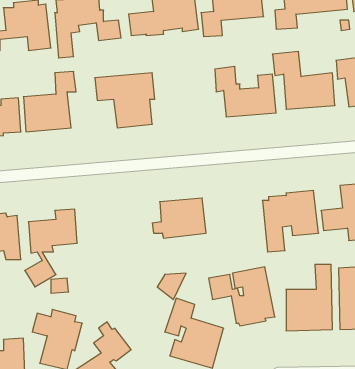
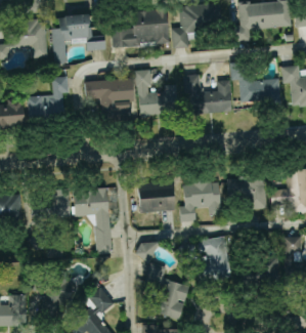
building: none -> [133,70,179,118]
building: none -> [179,178,222,222]
building: none -> [73,188,117,255]

